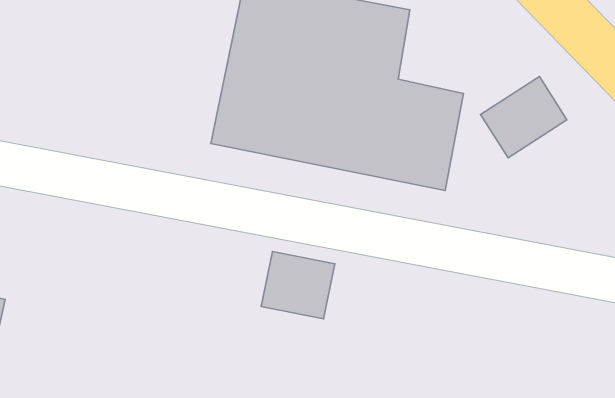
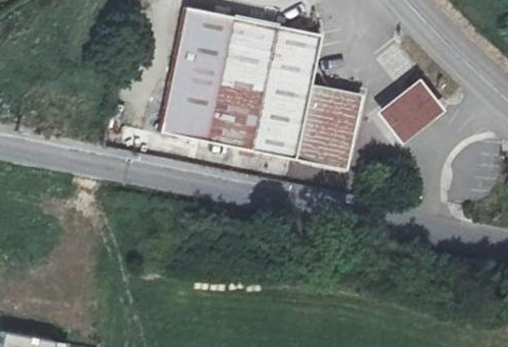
building: [261,251,335,319] -> none

